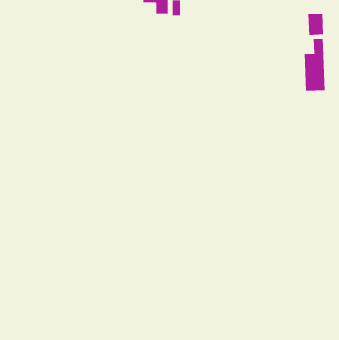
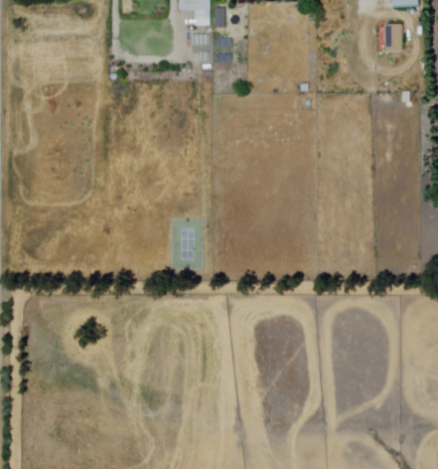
building: [304,38,325,92] -> none

